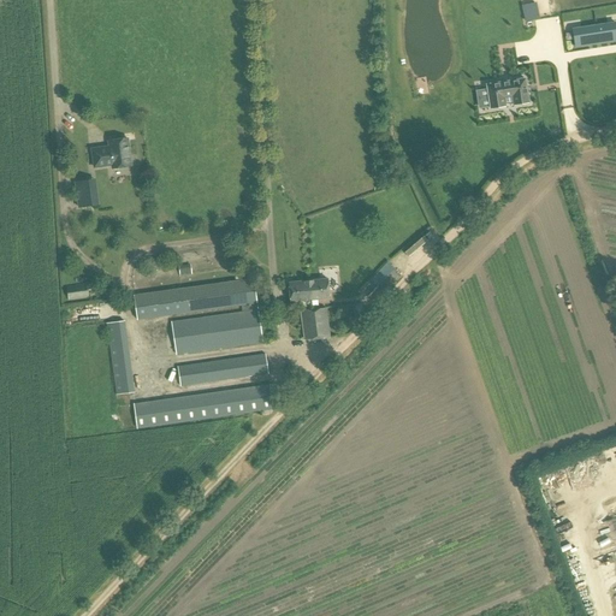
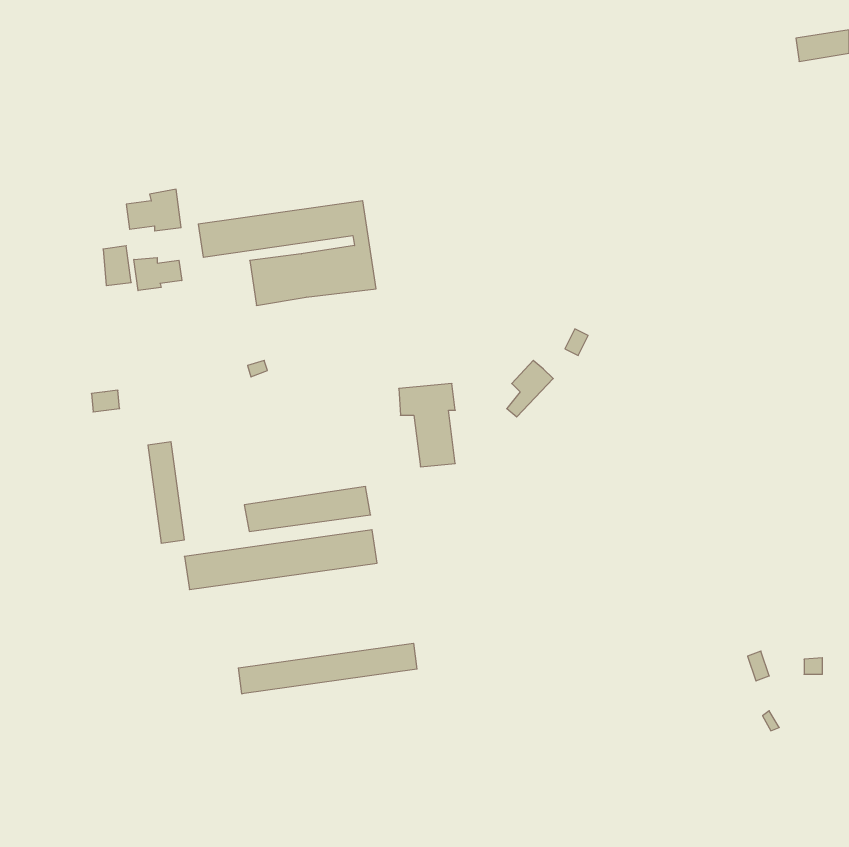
building: [486,78,528,107] -> none
building: none -> [134,258,182,291]
building: [134,278,262,354] -> [198,201,376,305]
building: none -> [238,643,417,694]

